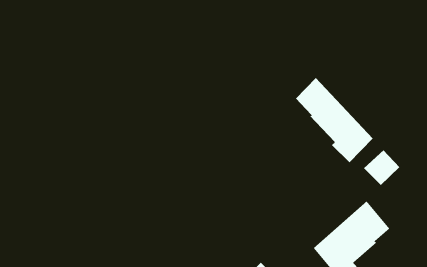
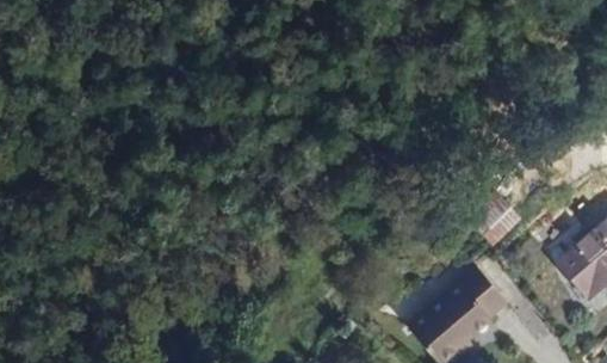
building: [295,77,374,163] -> none

